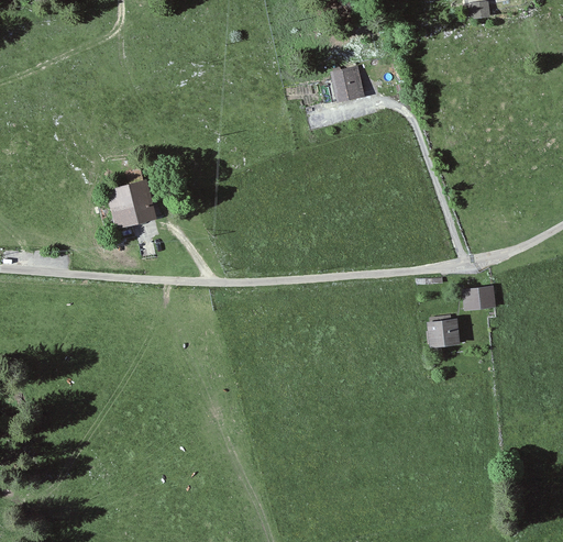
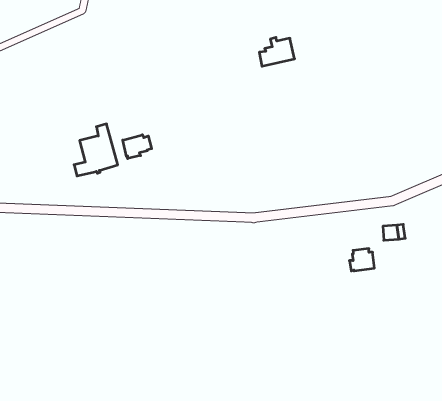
building: none -> [123,135,152,159]

